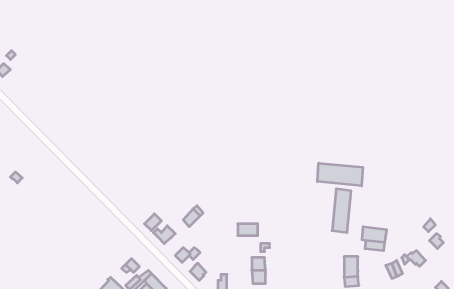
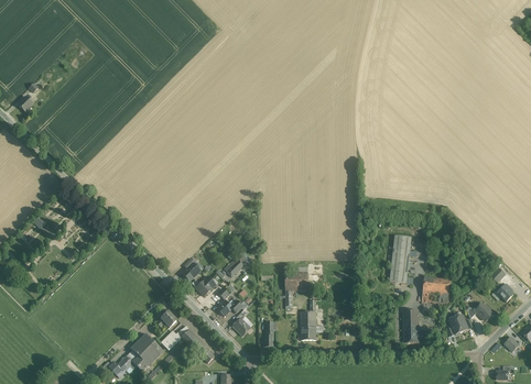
building: [317,163,363,186] -> none

